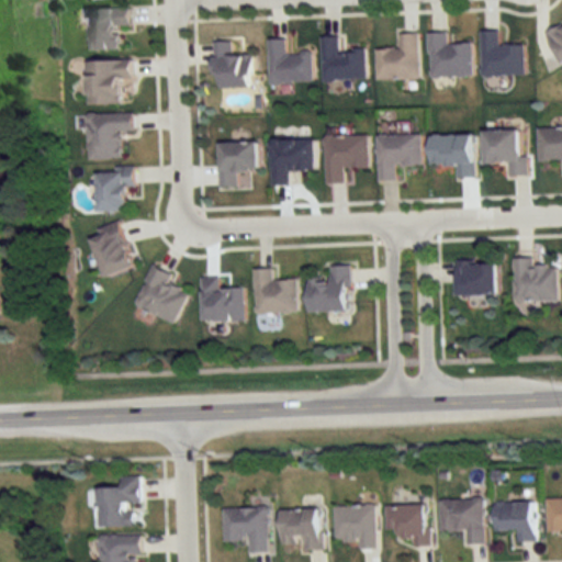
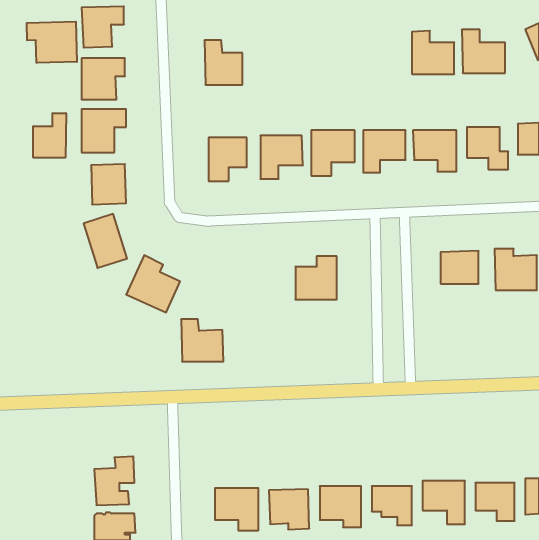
building: none -> [27,22,77,63]
building: [373,33,417,79] -> none
building: [319,37,364,81] -> none
building: [267,40,312,83] -> none
building: none -> [33,113,66,158]
building: [252,269,296,312] -> none
building: [200,277,244,321] -> [181,319,223,362]

